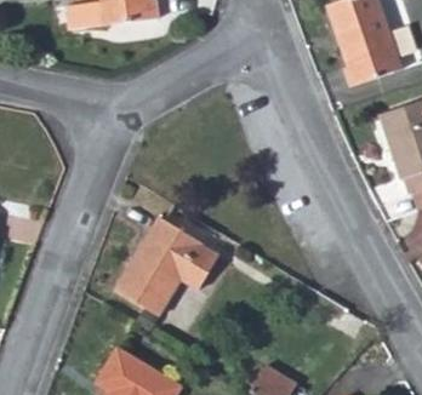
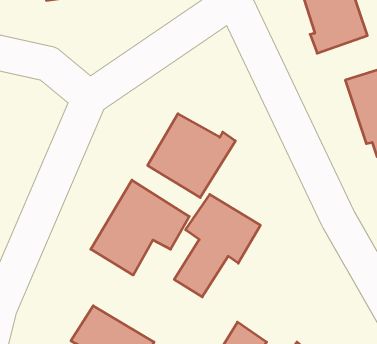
building: none -> [148,114,235,198]
building: none -> [174,194,260,297]

